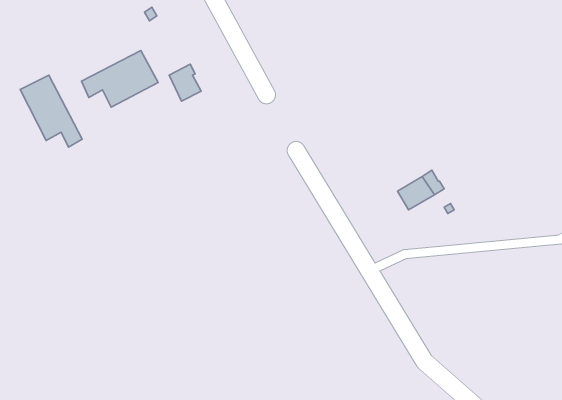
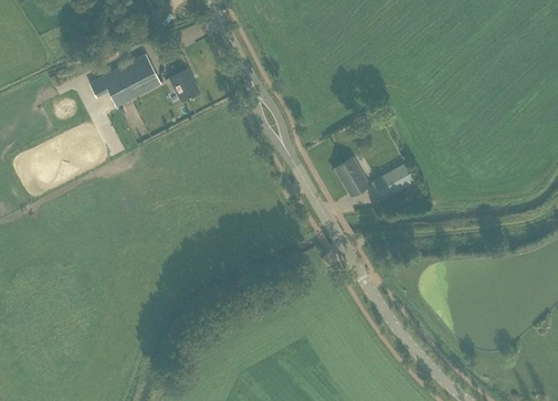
building: [20,75,82,147] -> none
building: none -> [338,157,369,194]

